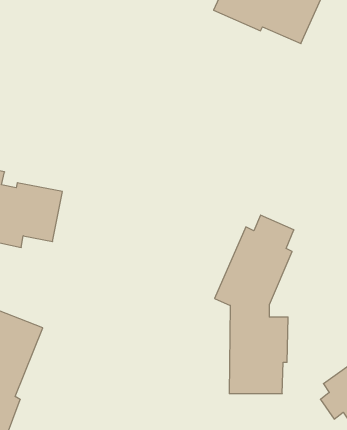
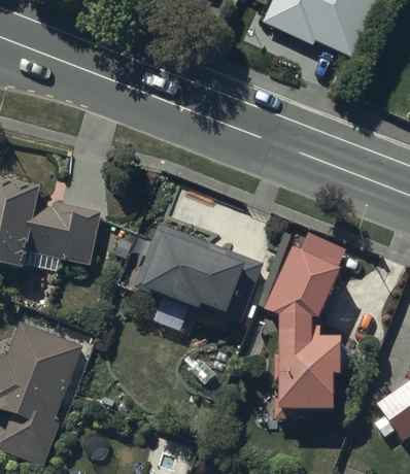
building: none -> [130,223,264,332]

